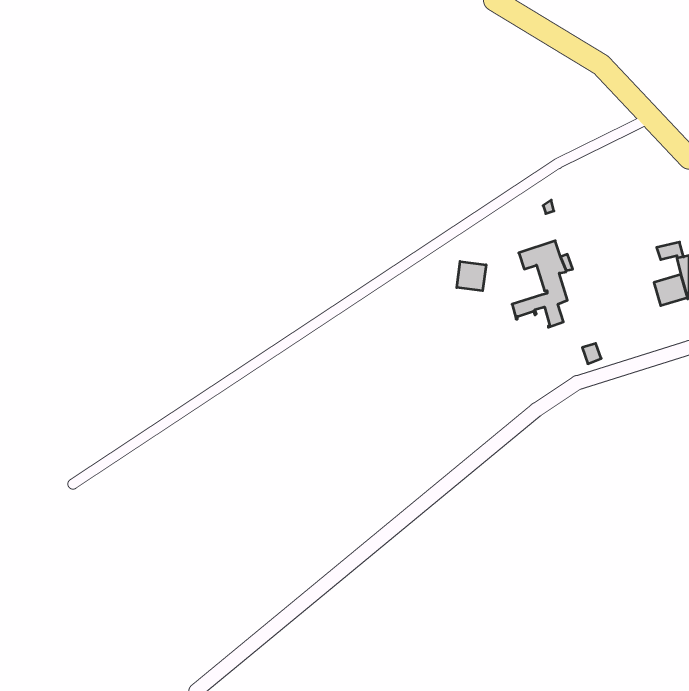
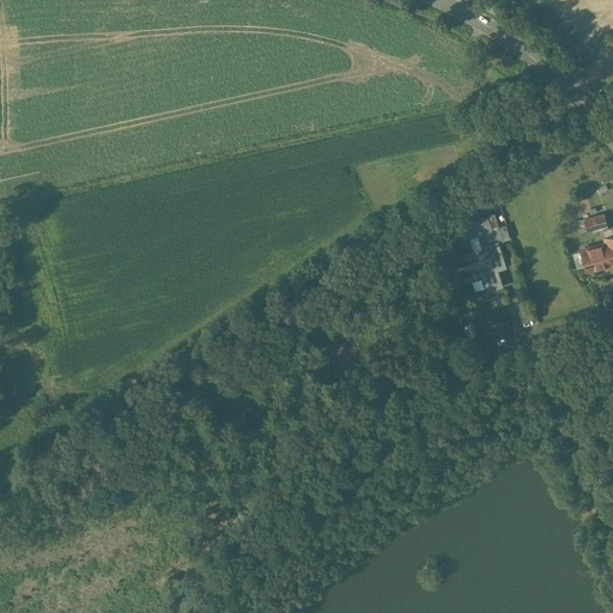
building: [457,261,486,291] -> none

